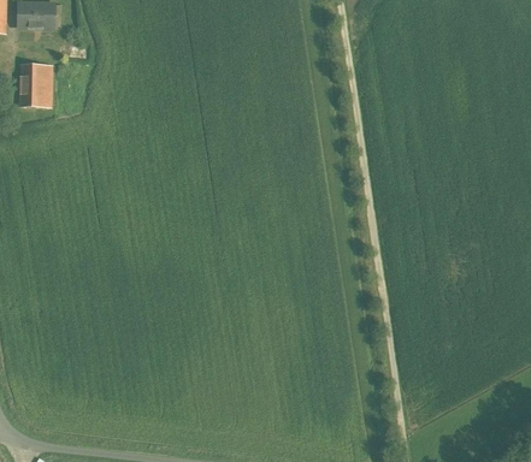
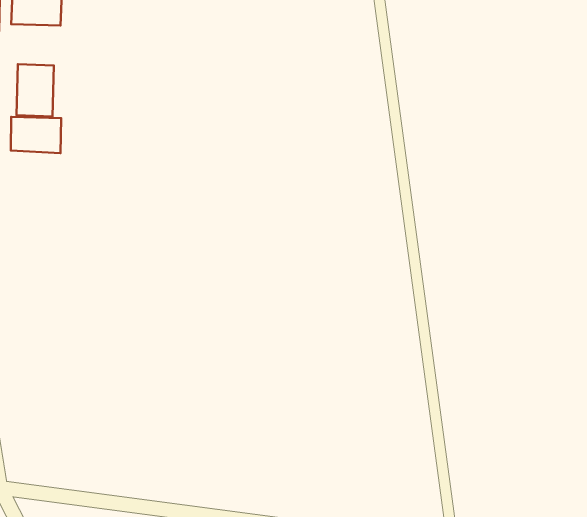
building: none -> [11,117,61,153]

